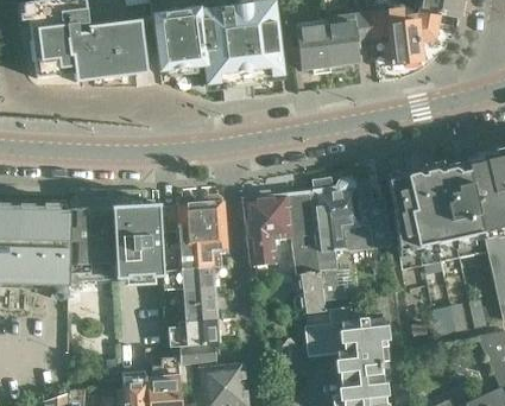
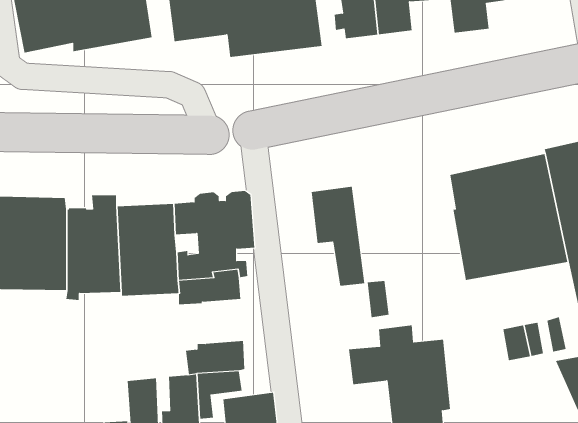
building: [314,178,383,252] -> none
building: [241,196,279,265] -> none
building: [293,272,324,313] -> none
building: [183,285,217,322] -> none

